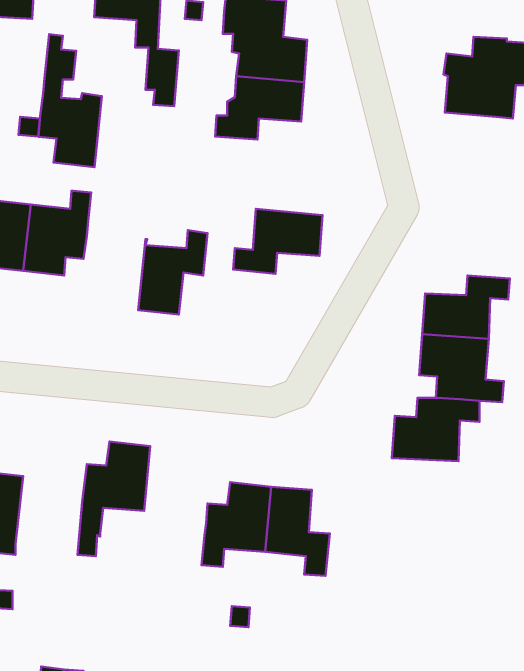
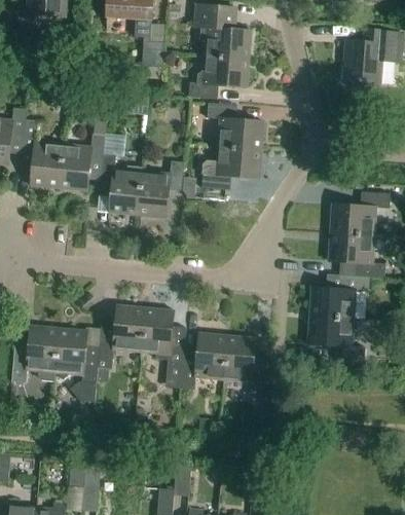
building: [38,34,102,167] -> [99,125,142,216]
building: none -> [208,104,264,151]
building: none -> [141,308,186,390]
building: none -> [307,317,365,362]
building: none -> [53,329,99,405]

